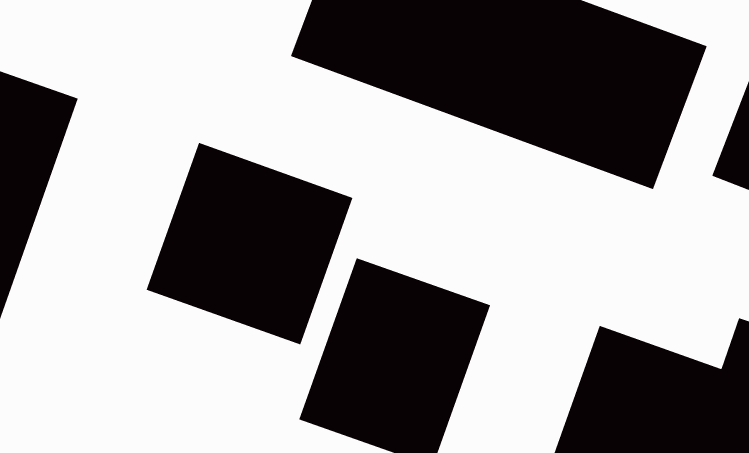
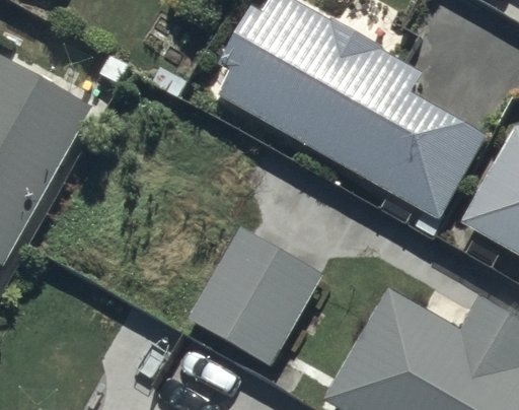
building: [146,142,353,346] -> none

